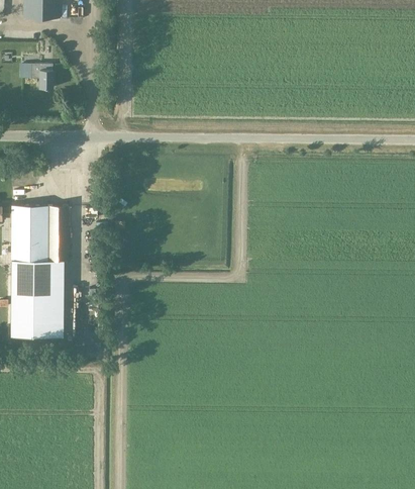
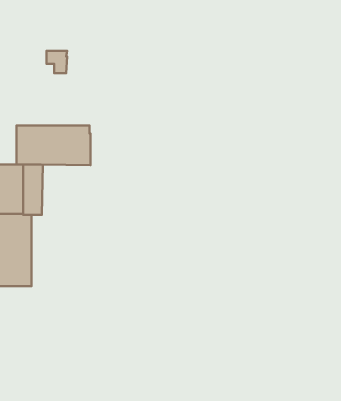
building: [31,65,54,89] -> [47,51,67,73]
building: none -> [16,125,90,165]

